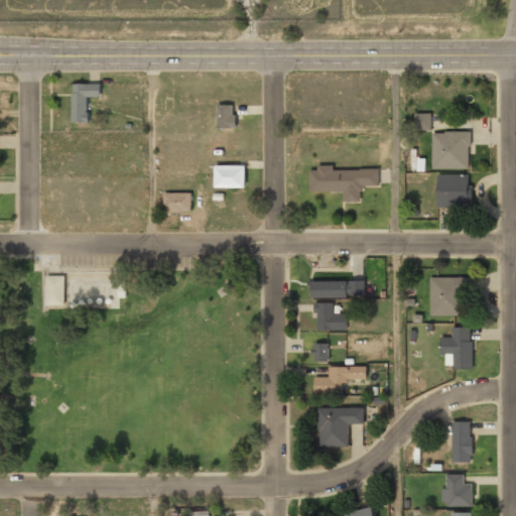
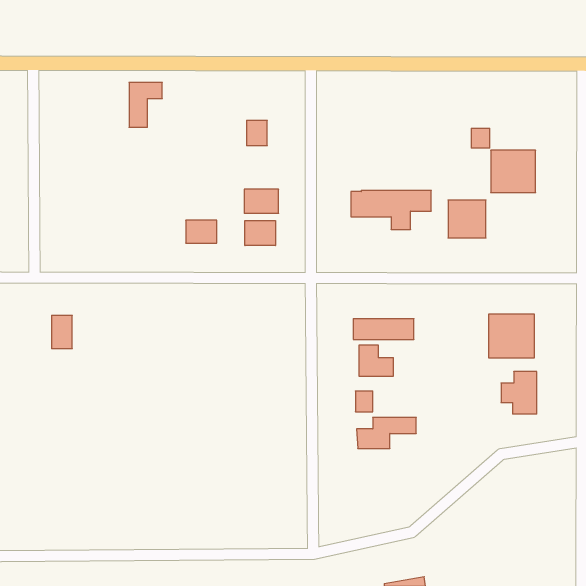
building: [72,84,101,123] -> [129,82,162,127]
building: [437,174,471,208] -> [448,200,486,238]
building: none -> [245,221,275,246]
building: [317,407,363,446] -> none
building: [452,421,471,463] -> none
building: [443,475,473,507] -> none

